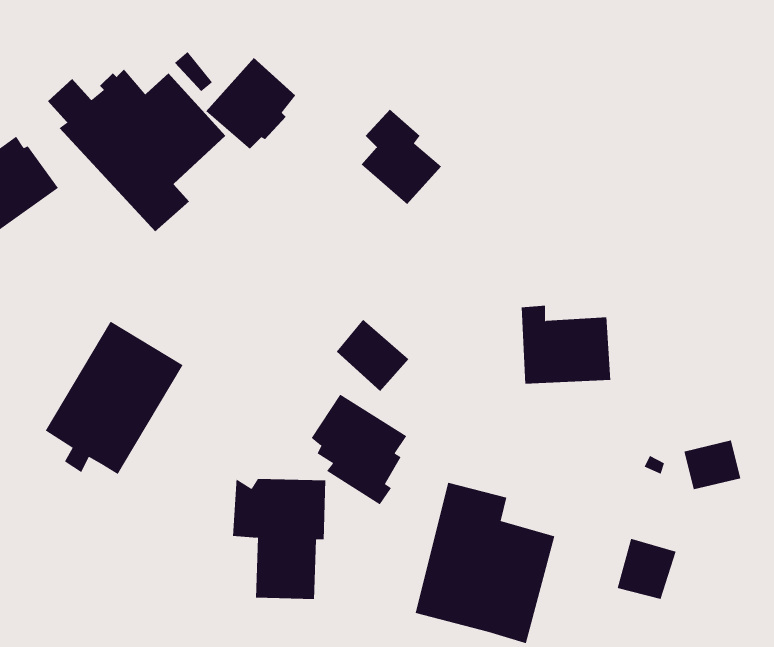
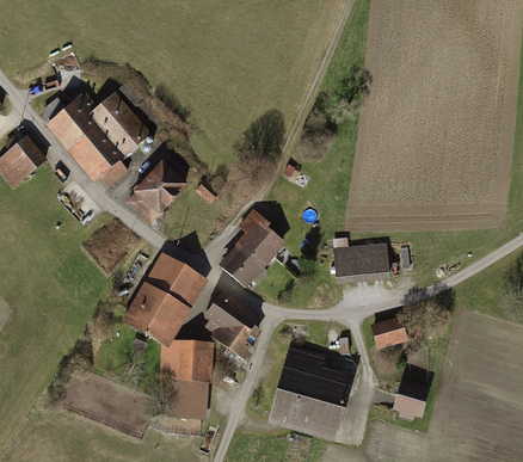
building: [206,57,296,149] -> [133,161,189,218]
building: [361,109,442,205] -> [235,208,285,267]
building: [45,321,183,475] -> [121,252,207,347]
building: [683,440,741,490] -> [371,315,407,346]

